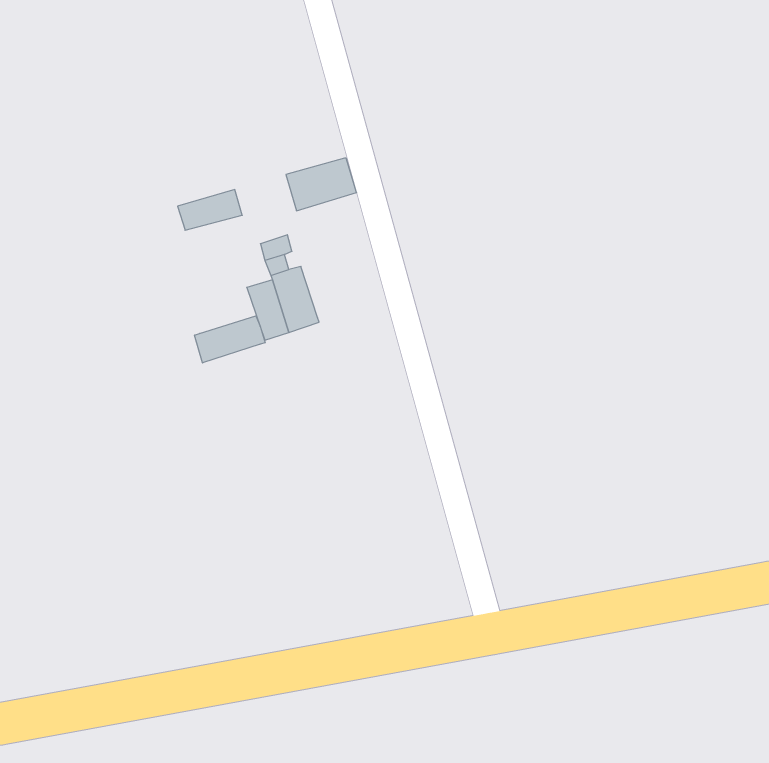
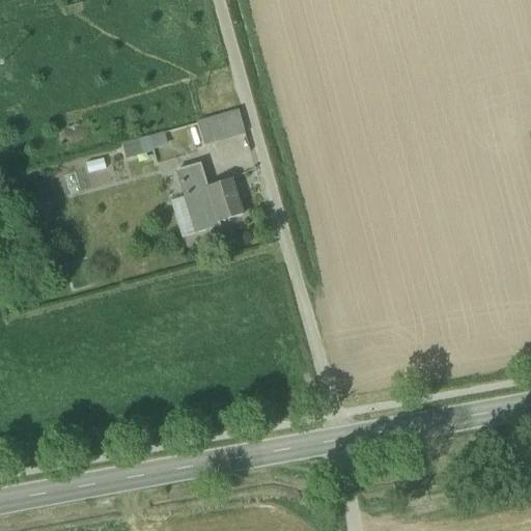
building: none -> [207,175,244,219]
building: [195,316,265,363] -> none

